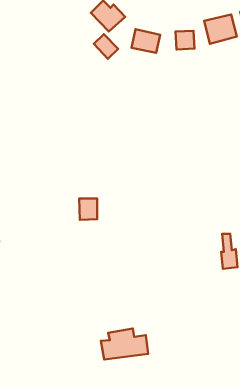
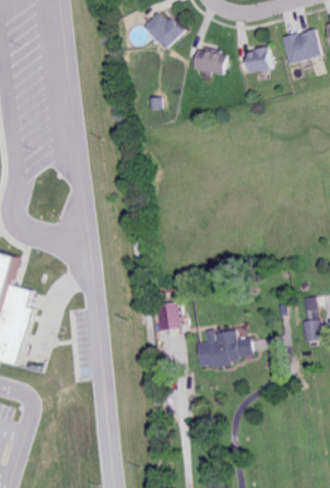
building: [94,34,118,59] -> none
building: [79,199,97,220] -> [156,303,178,329]
building: [101,329,148,360] -> [195,328,253,366]

